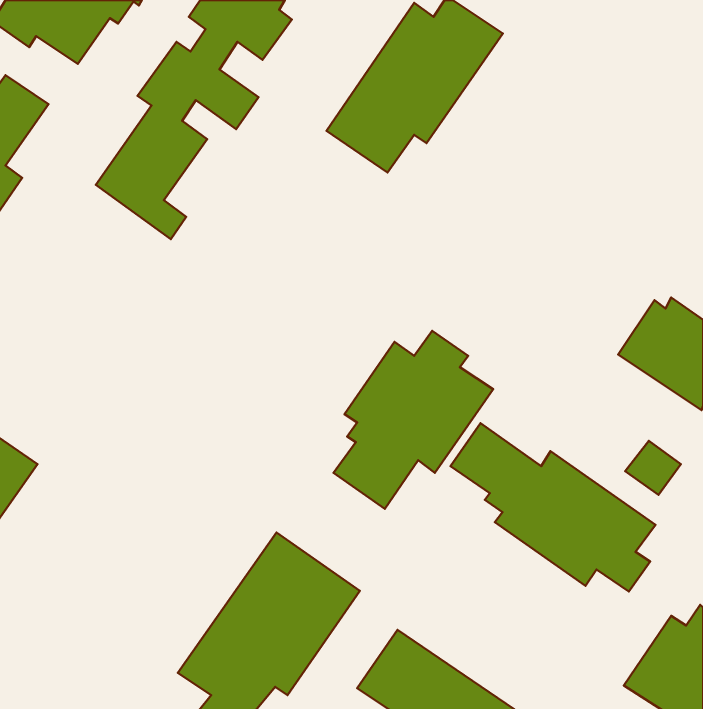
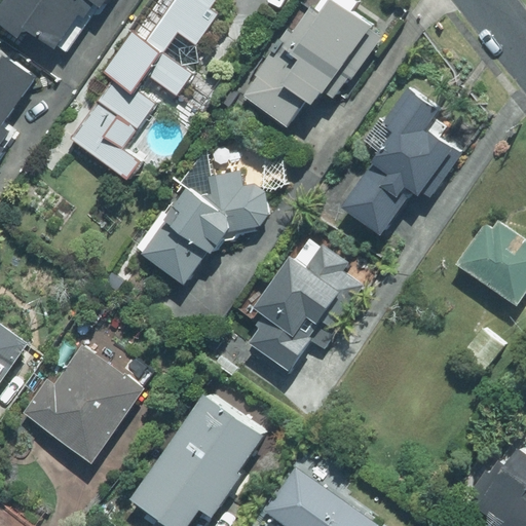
building: none -> [342,87,454,234]
building: none -> [136,171,268,284]
building: [451,423,656,591] -> none
building: none -> [21,345,144,463]

